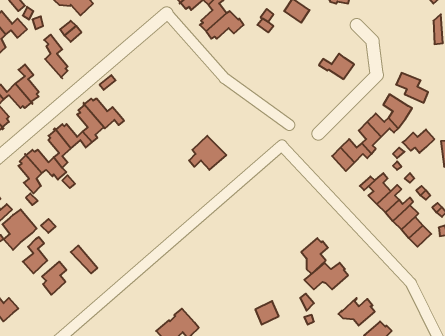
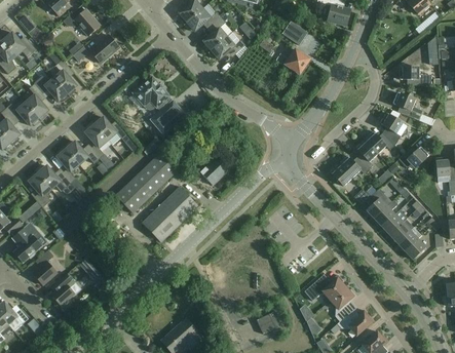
building: none -> [90,34,119,63]
building: none -> [400,67,431,85]
building: [319,54,354,79] -> [276,48,310,73]
building: none -> [132,75,185,132]
building: none -> [35,76,71,101]
building: none -> [116,152,178,212]
building: none -> [142,186,199,242]
building: [301,238,328,274] -> [331,286,356,321]

